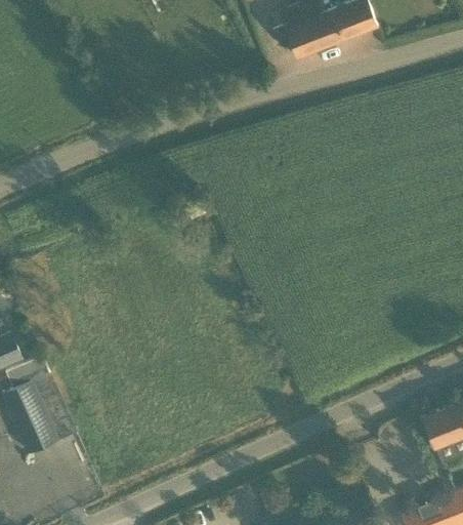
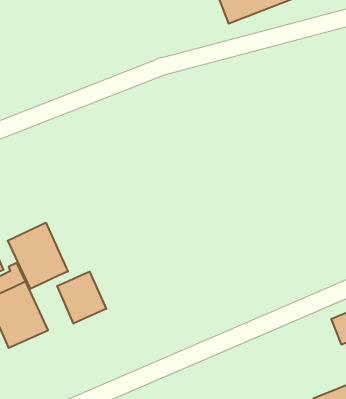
building: none -> [8,223,68,289]
building: none -> [57,272,106,324]

